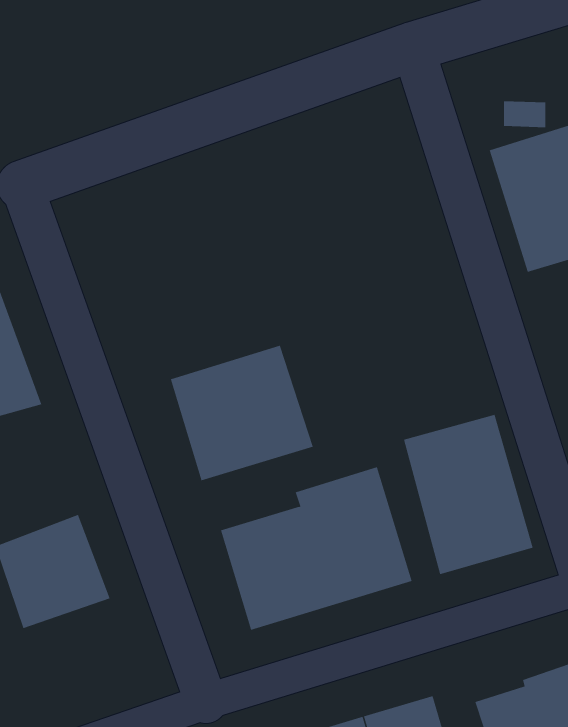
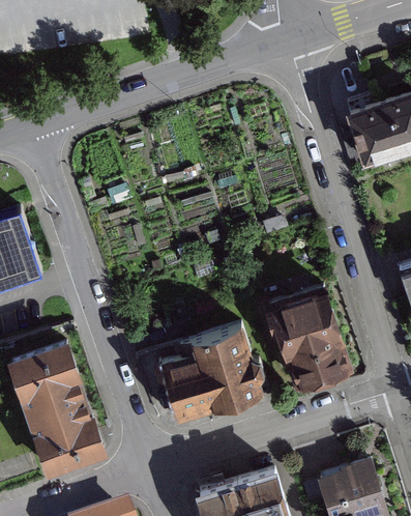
building: [170,345,314,481] -> none
building: none -> [25,402,98,469]

